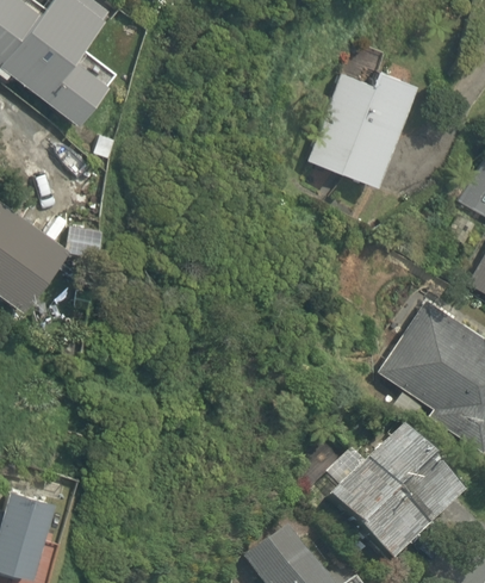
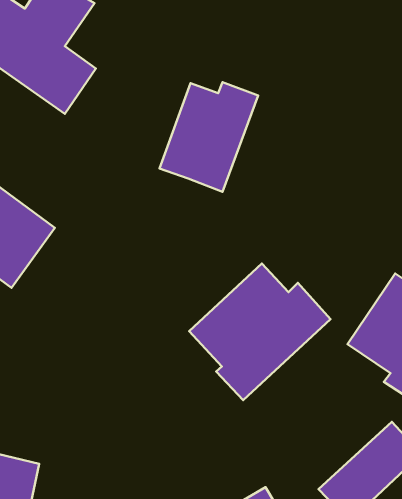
building: [310,67,416,185] -> [159,82,258,192]
building: none -> [189,263,331,400]
building: [322,426,430,531] -> none

